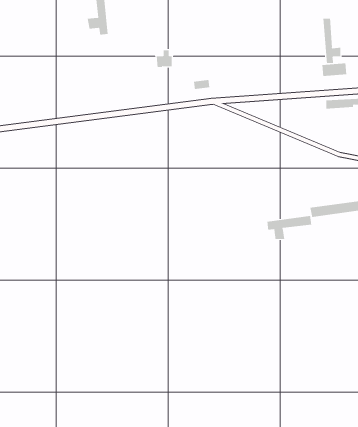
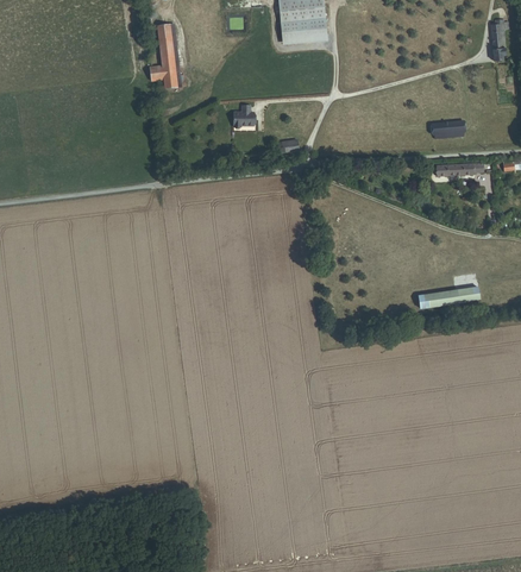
building: [323,18,341,64] -> none
building: [267,215,312,240] -> none

